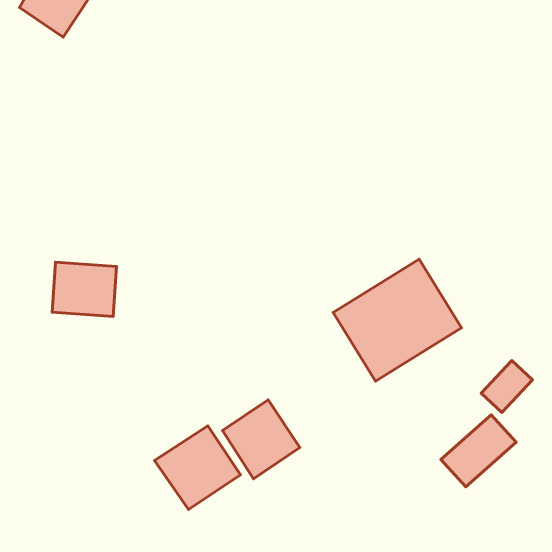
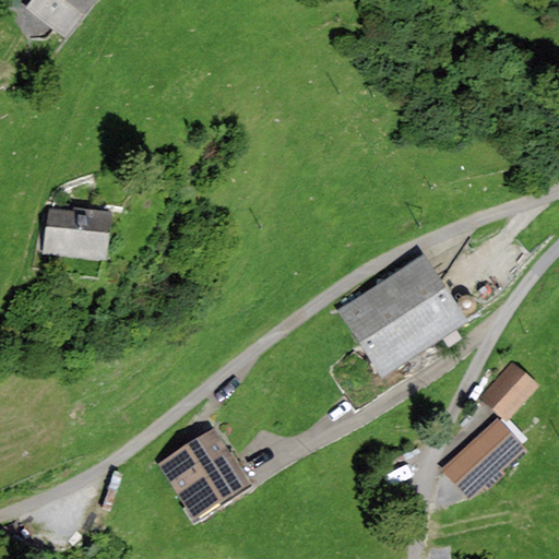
building: [52,262,116,317] -> [44,204,108,259]
building: [222,400,300,479] -> none

